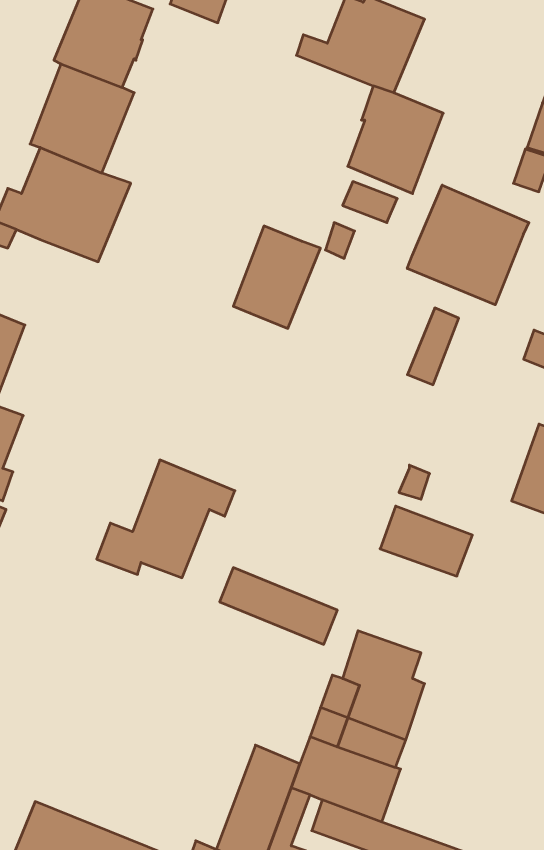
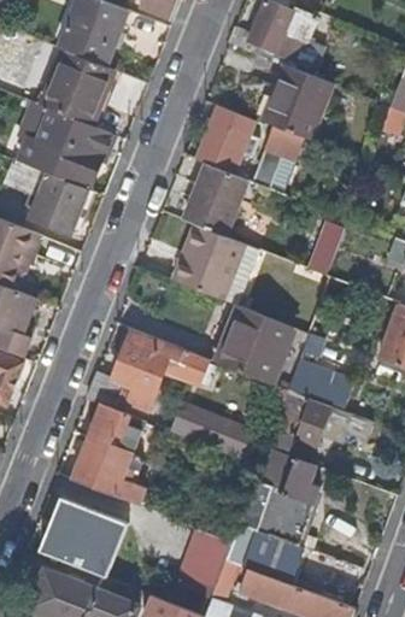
building: none -> [194,104,257,175]
building: [407,185,529,305] -> none
building: none -> [29,174,88,234]
building: none -> [172,225,257,300]
building: none -> [209,304,292,384]
building: none -> [266,392,372,463]
building: none -> [72,405,142,505]
building: none -> [43,500,131,581]

